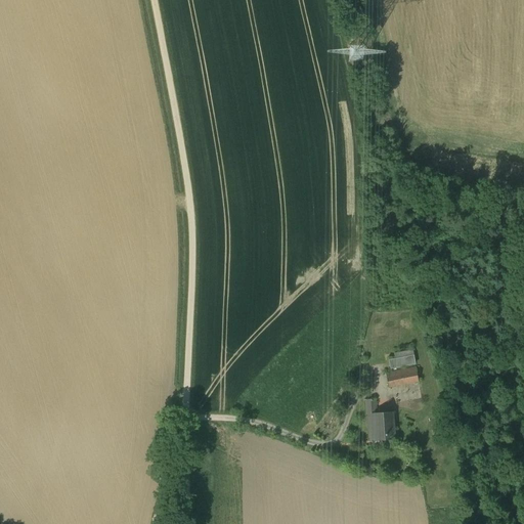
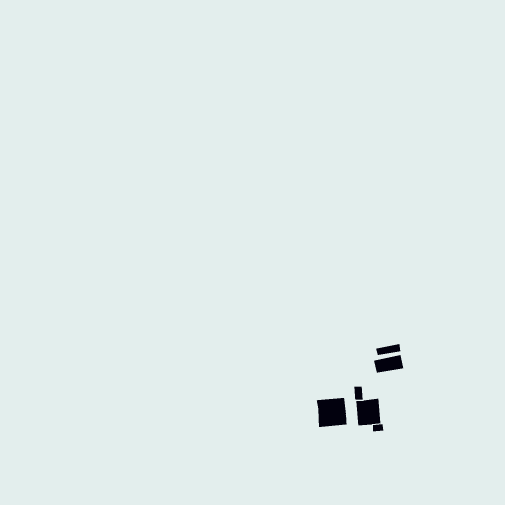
building: none -> [316,397,347,428]

